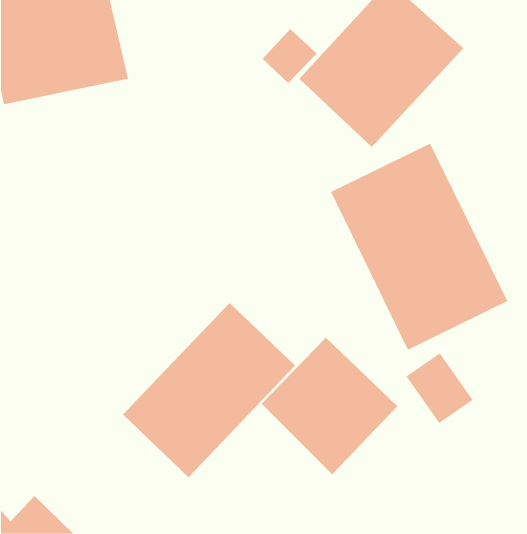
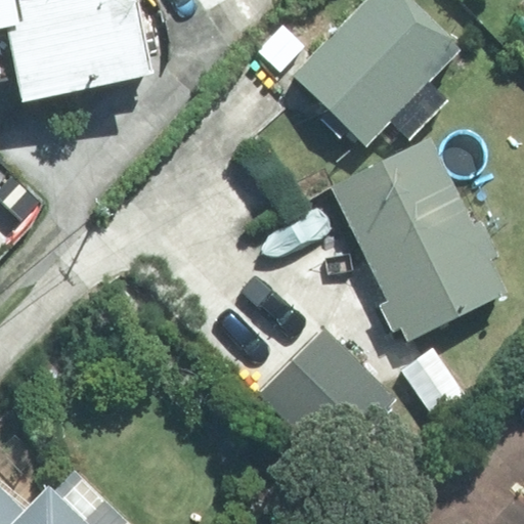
building: [122,302,296,478] -> none

